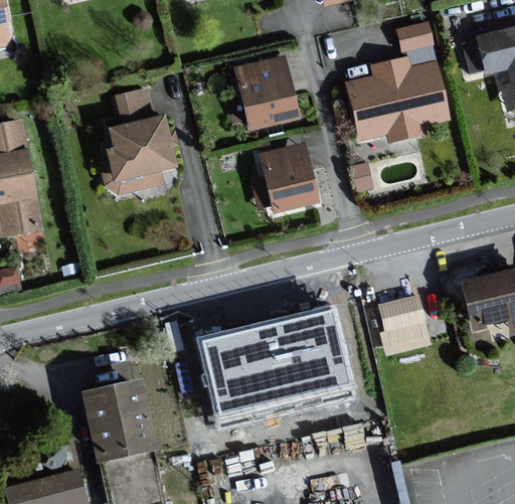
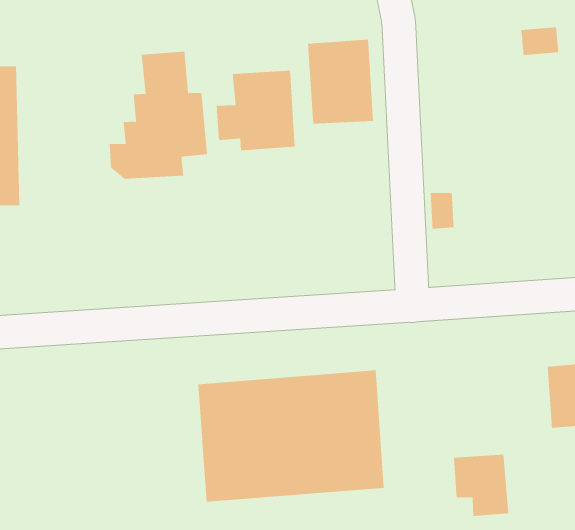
building: [350,58,448,139] -> none
building: [253,144,319,211] -> [216,70,295,151]
building: [378,294,427,345] -> [453,454,509,517]
building: [79,382,157,465] -> none

